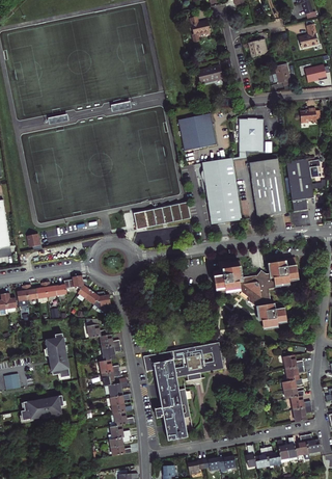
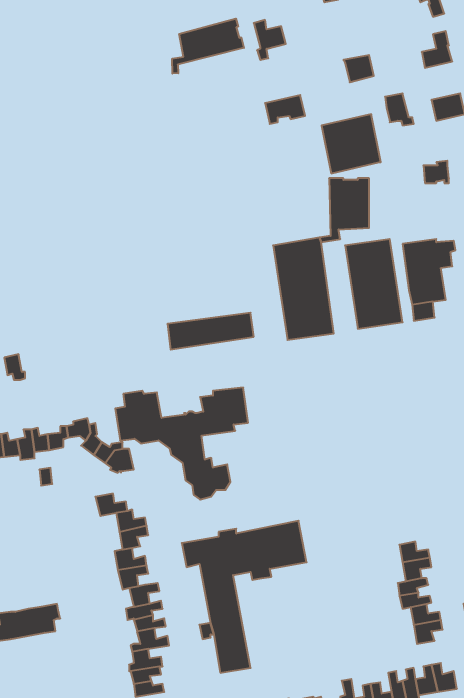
building: none -> [172,19,244,74]
building: [178,112,217,151] -> [322,114,381,173]
building: [213,257,299,329] -> [115,388,248,500]
building: [47,332,71,376] -> none

